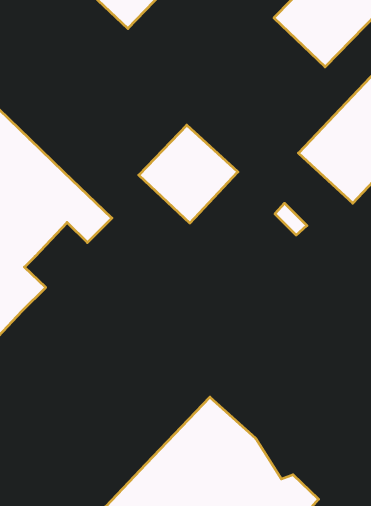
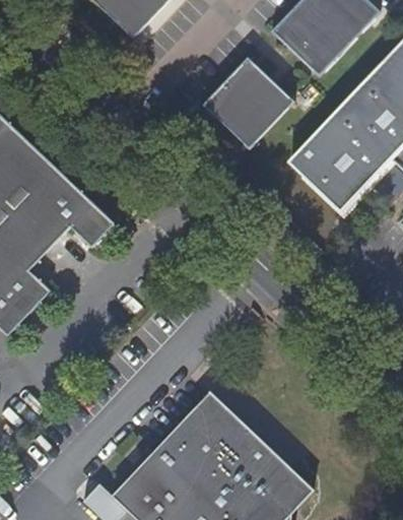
building: [139,125,238,223] -> [200,58,294,151]

